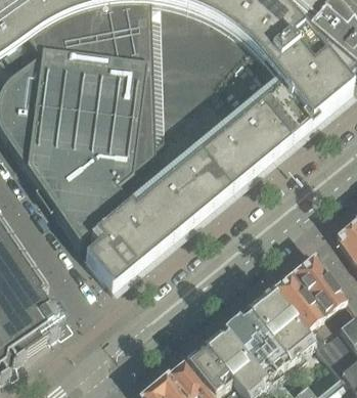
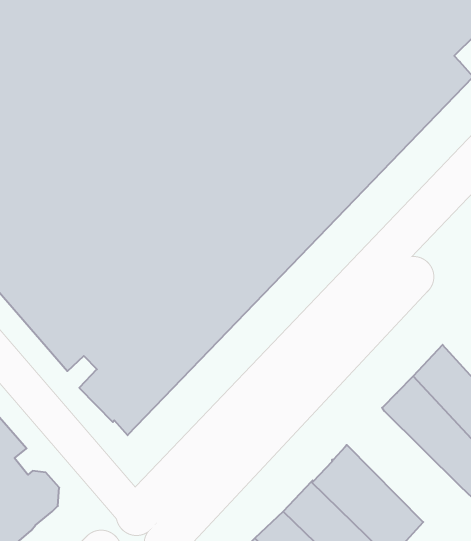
building: [247,292,314,364] -> none

